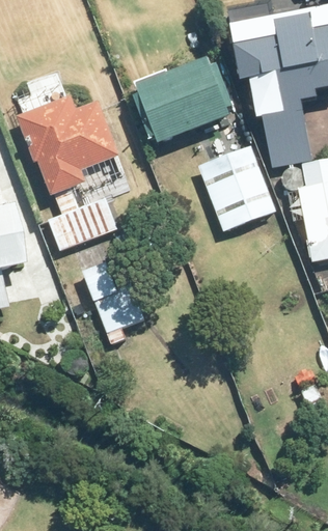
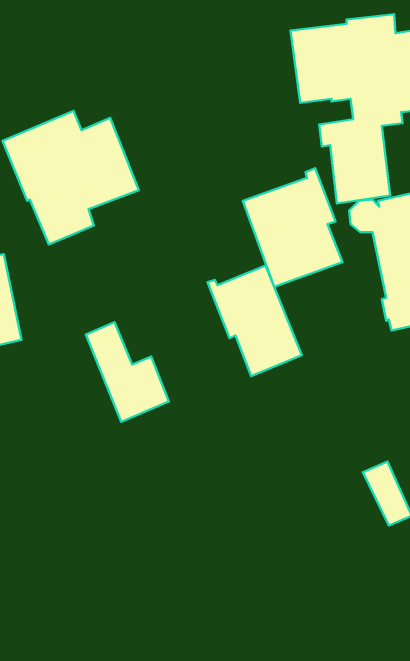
building: [132,60,235,147] -> none
building: [44,187,115,248] -> none
building: none -> [207,265,302,376]

